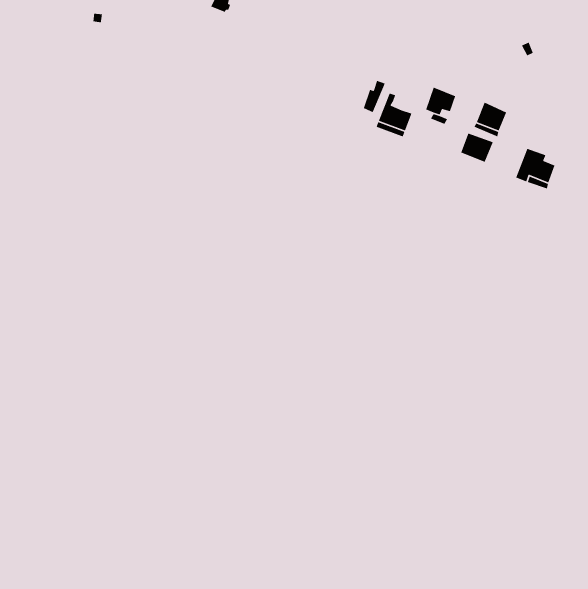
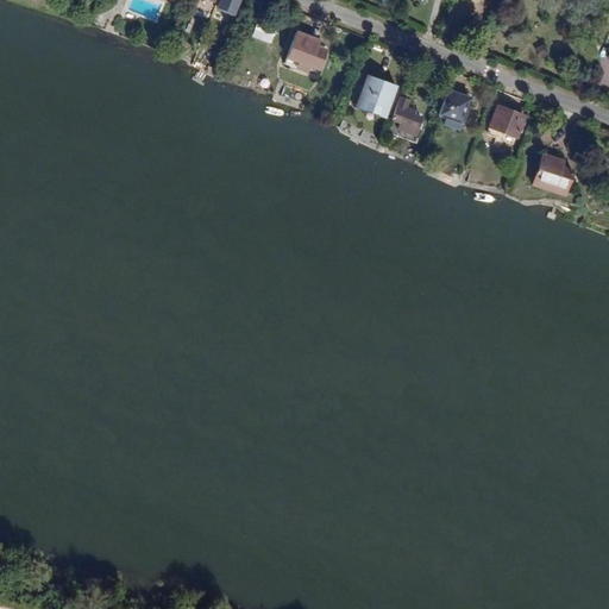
building: none -> [287,31,329,71]
building: none -> [357,74,390,112]
building: [460,133,494,163] -> none

